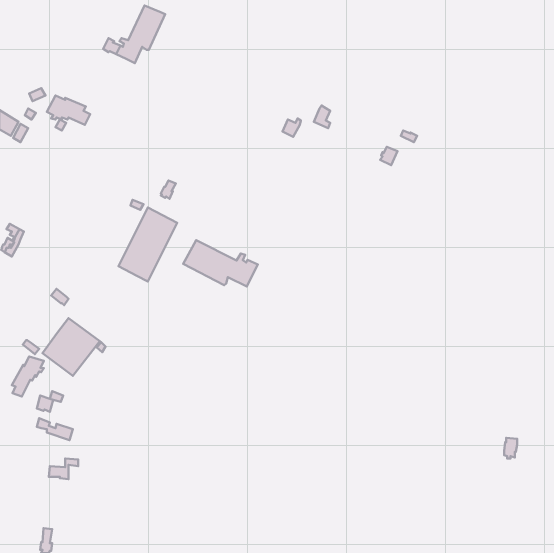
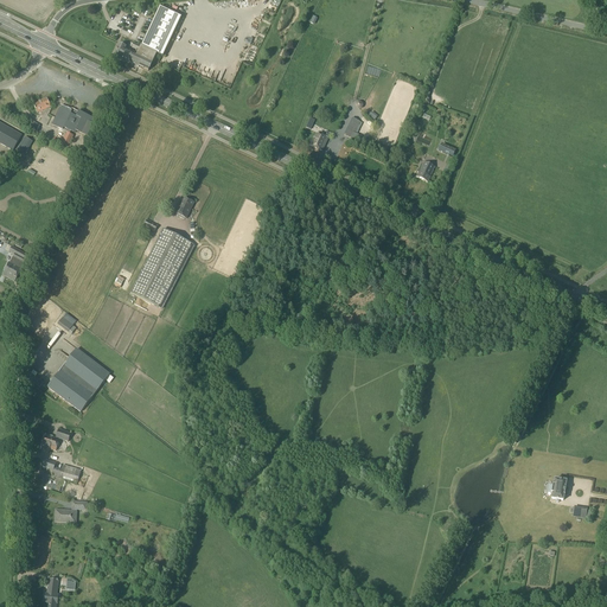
building: [183,240,258,287] -> none
building: [12,356,44,396] -> none

